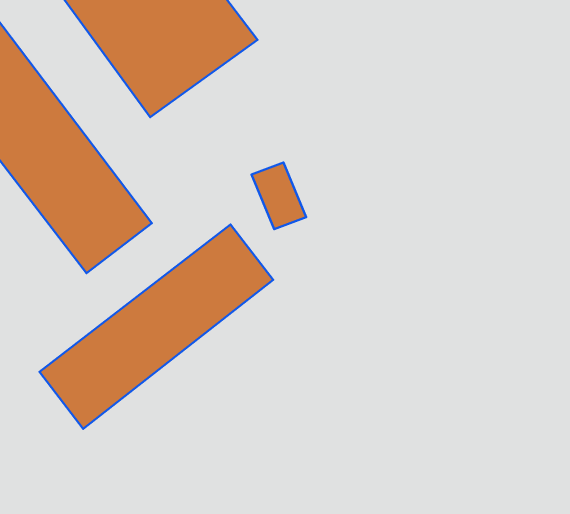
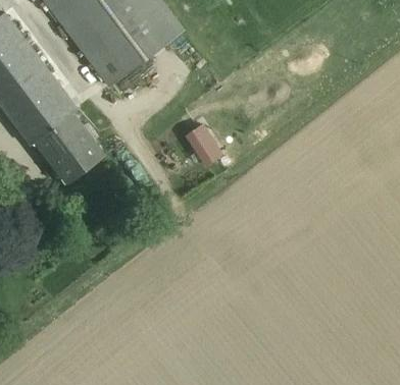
building: [40,225,273,429] -> none

